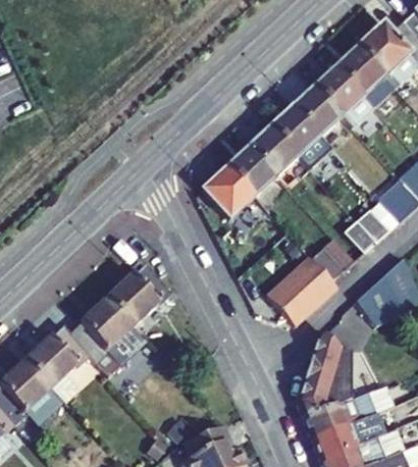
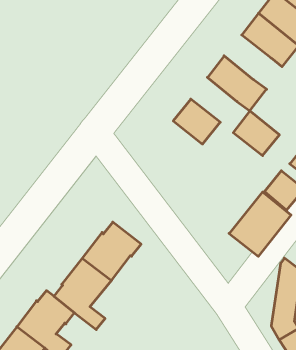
building: [292,86,342,136] -> none
building: [249,125,298,175] -> [233,111,279,156]
building: [202,166,254,219] -> none

